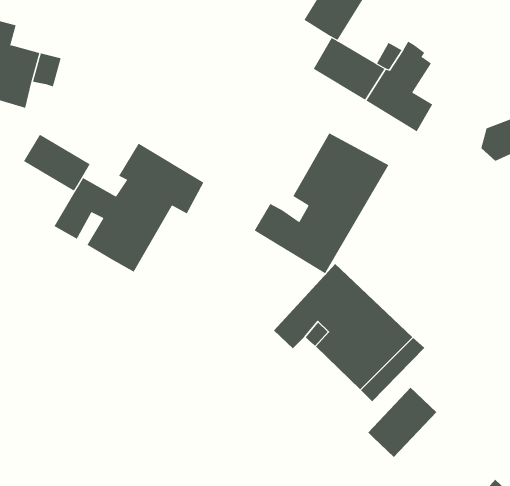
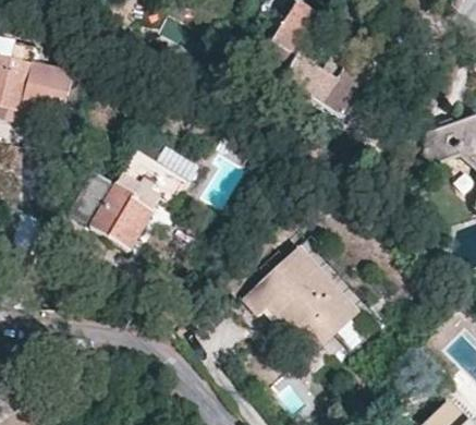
building: [254,132,389,274] -> none
building: [23,134,90,192] -> none
building: [367,387,437,458] -> none

